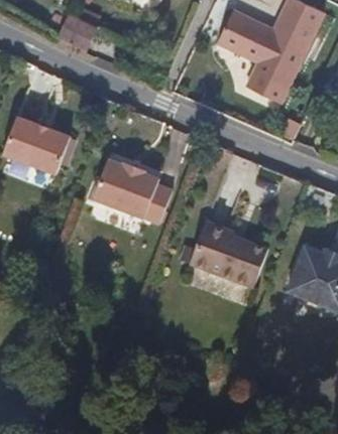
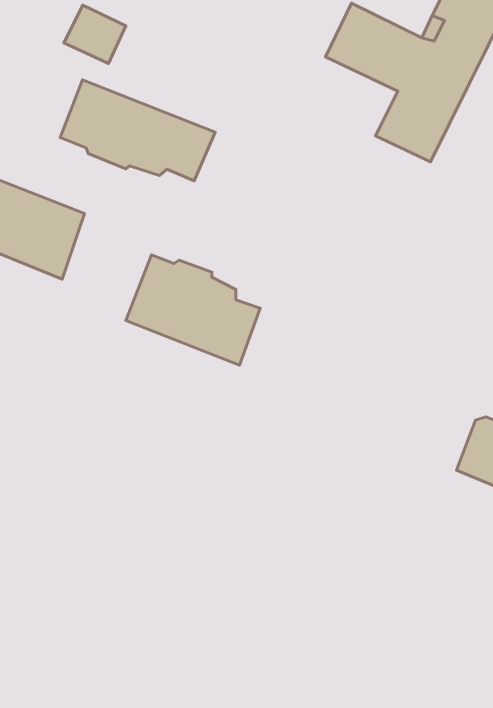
building: none -> [60,80,215,181]
building: [193,222,270,289] -> none

